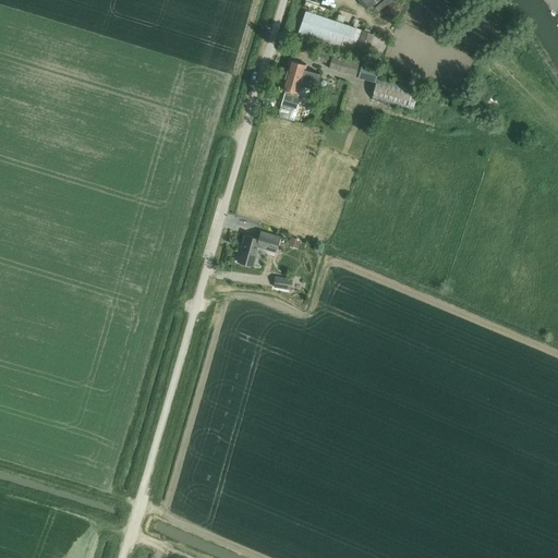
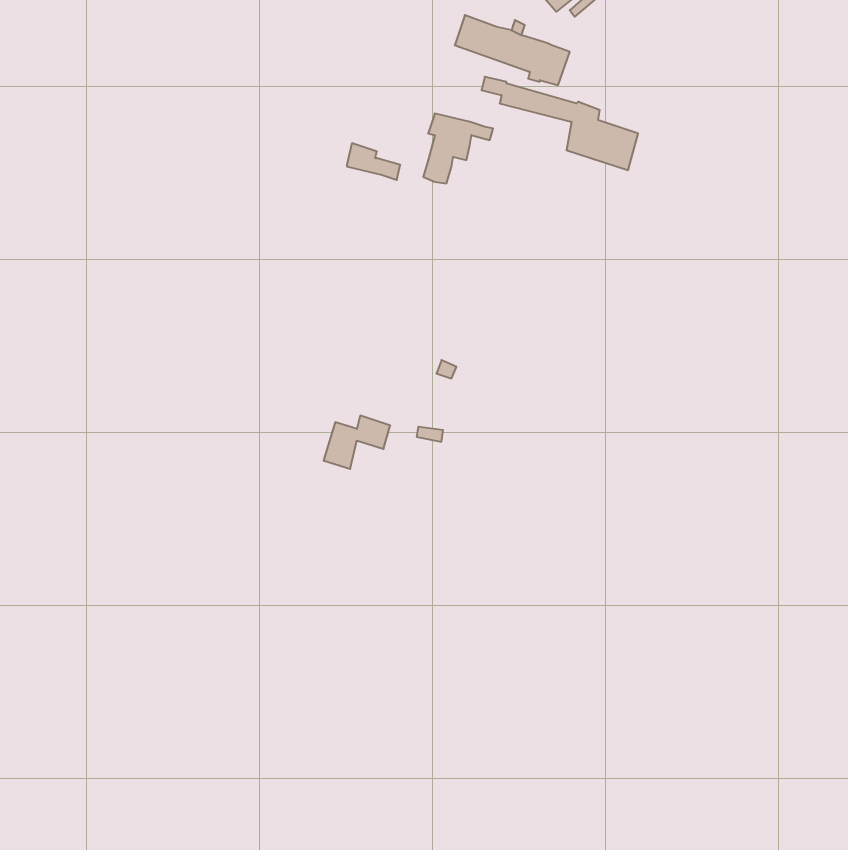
building: [284,59,319,83] -> [347,143,400,180]
building: [235,230,279,265] -> [324,416,390,469]

